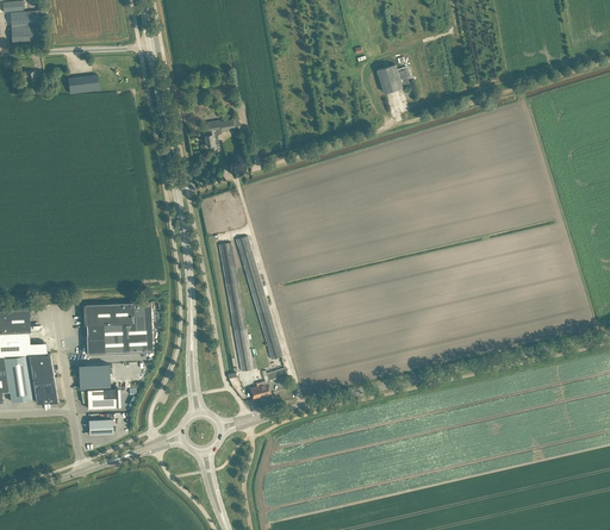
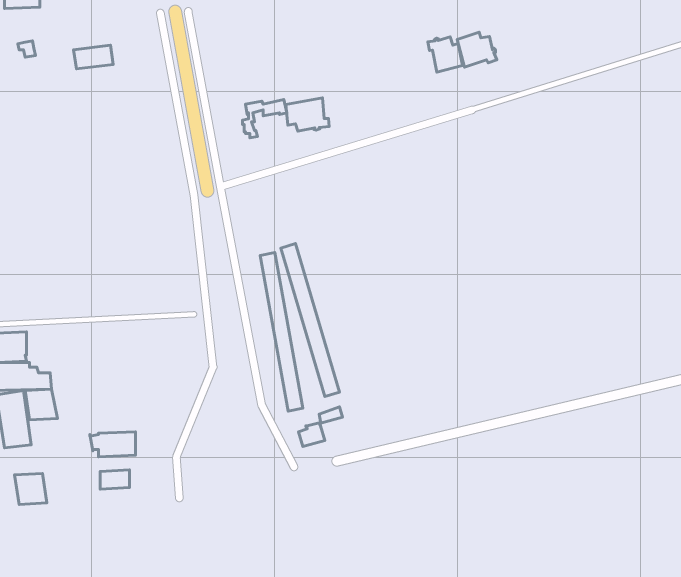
building: none -> [428,37,463,72]
building: none -> [286,98,329,131]
building: [85,300,152,354] -> none
building: [77,363,108,388] -> none
building: [31,376,57,401] -> [15,474,47,504]

